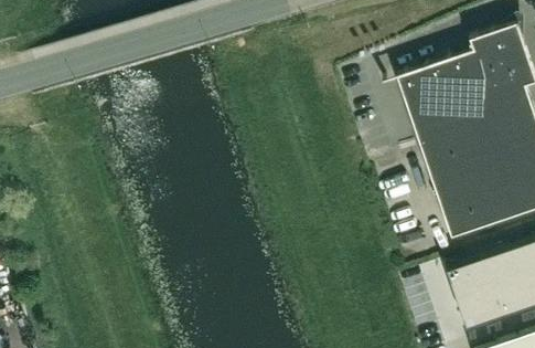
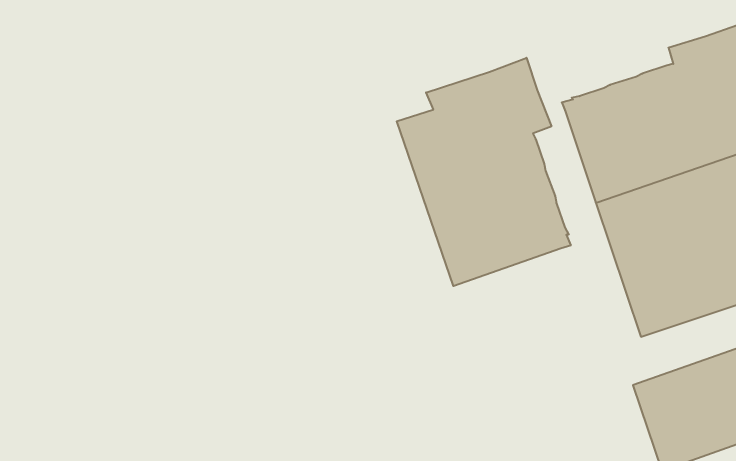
building: none -> [397,58,571,286]

